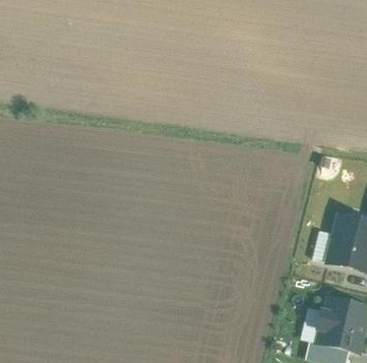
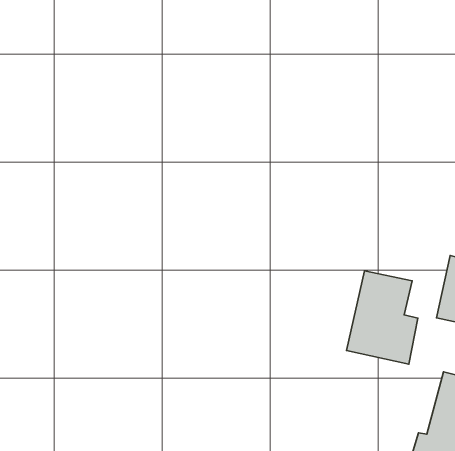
building: none -> [346,271,418,364]

